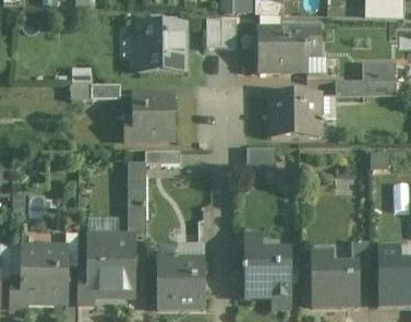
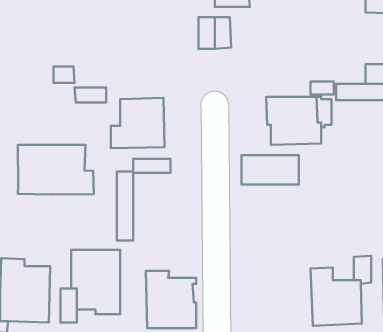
building: [138,22,184,71] -> none
building: [257,26,321,70] -> none
building: none -> [18,145,94,195]
building: [244,236,290,307] -> none

